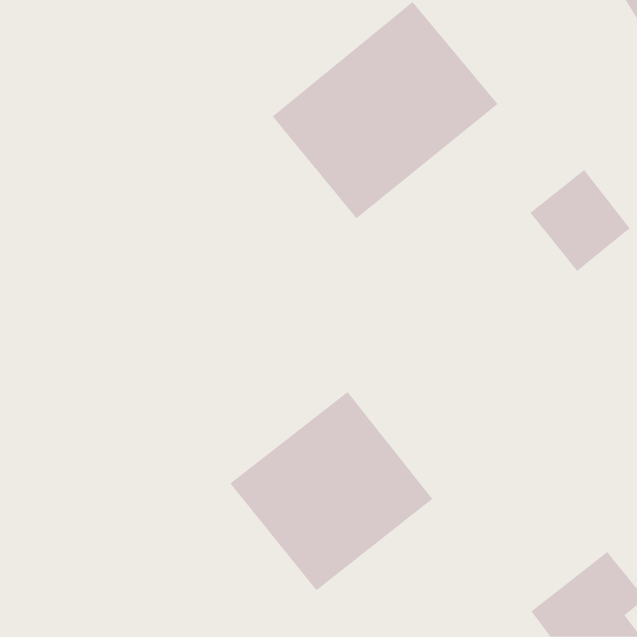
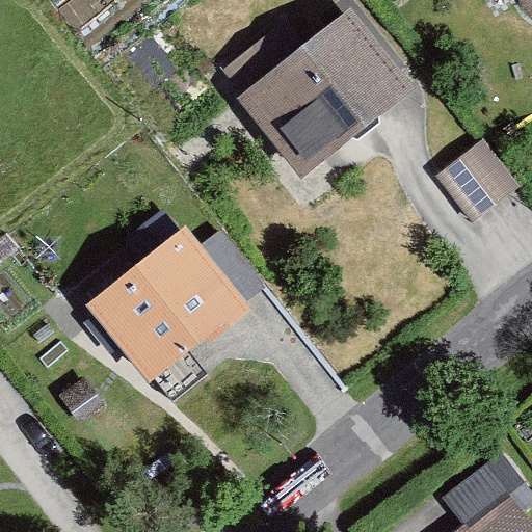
building: none -> [88,232,245,384]
building: [229,391,433,591] -> none

